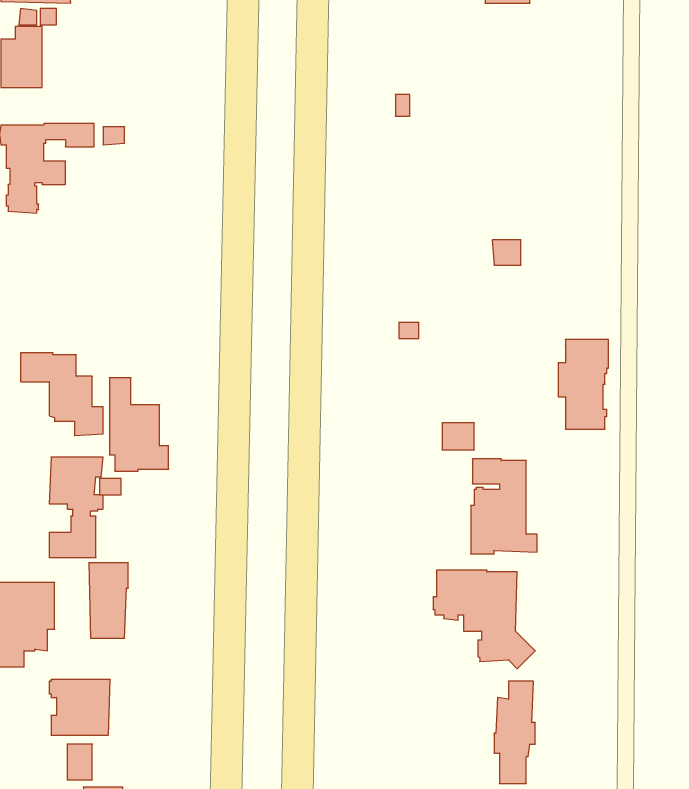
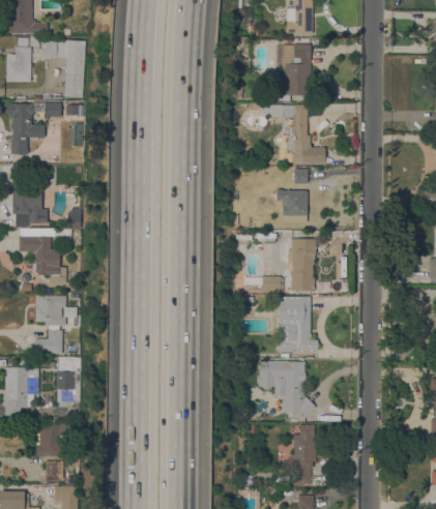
building: none -> [41,39,86,96]
building: none -> [275,43,312,95]
building: none -> [262,104,325,163]
building: none -> [277,189,308,222]
building: [558,339,608,429] -> [287,238,316,290]
building: [109,378,169,471] -> [12,170,47,223]

